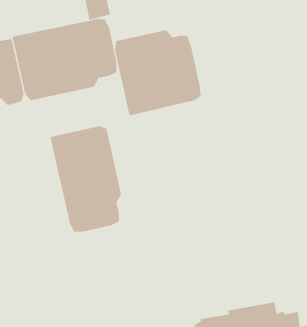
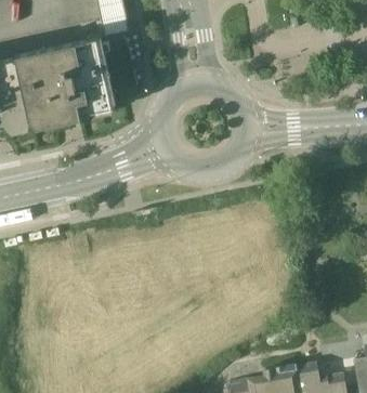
building: [115,30,201,116] -> none
building: [50,126,122,232] -> none

